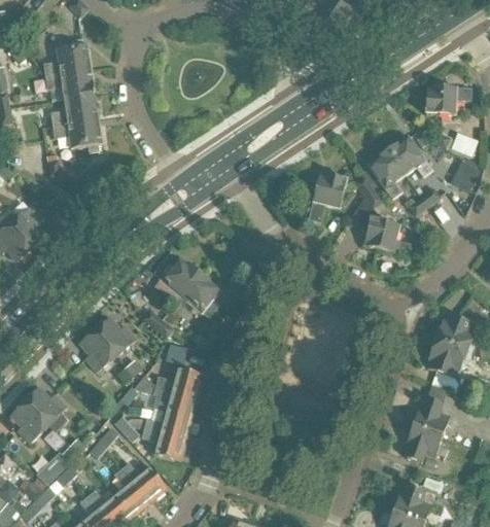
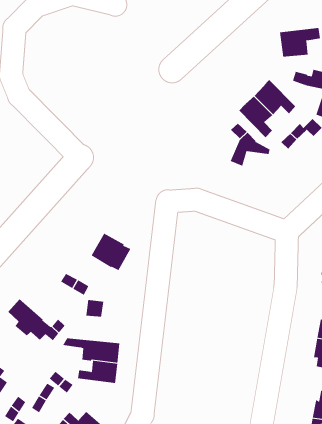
building: [308,173,347,222] -> none
building: [363,217,410,255] -> none
building: [152,251,199,295] -> none
building: [95,317,136,357] -> none
building: [139,367,203,396] -> none
building: [141,427,184,461] -> none

